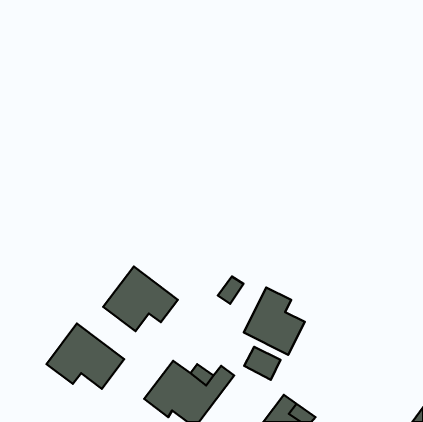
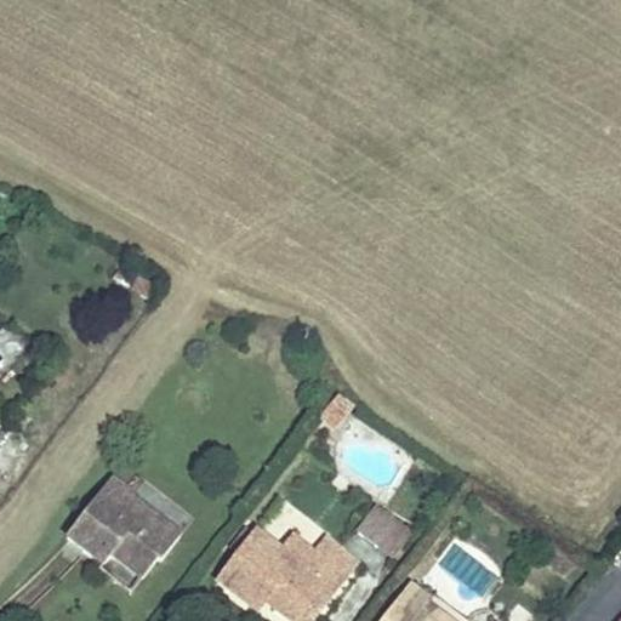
building: [103,266,178,331] -> none
building: [244,287,305,355] -> none

